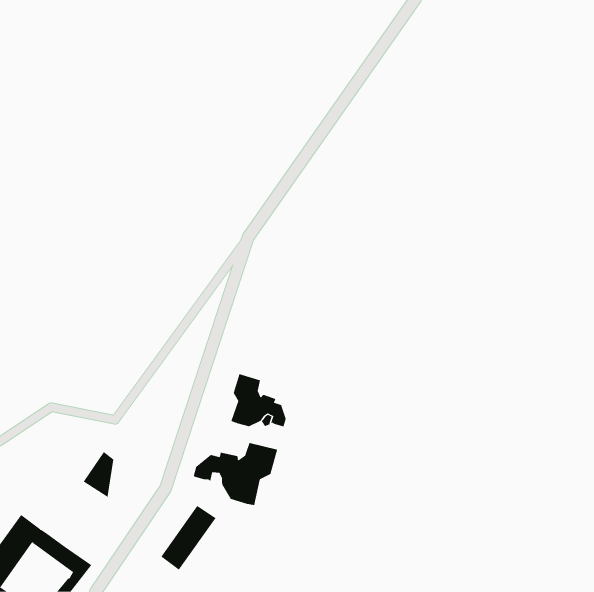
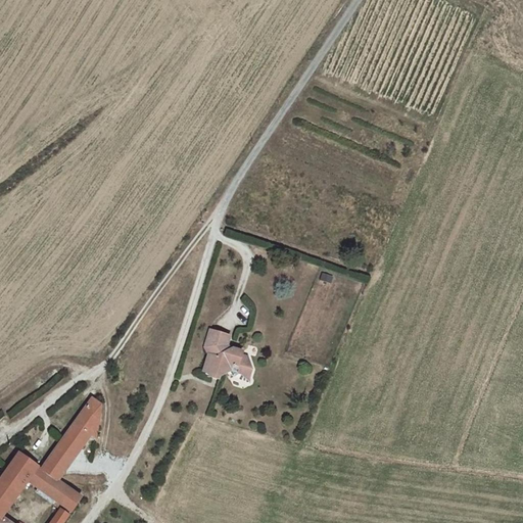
building: [193,442,278,506] -> none
building: [161,505,217,570] -> [41,423,90,480]

